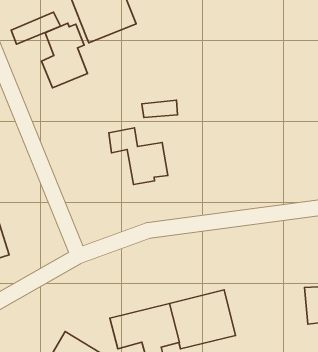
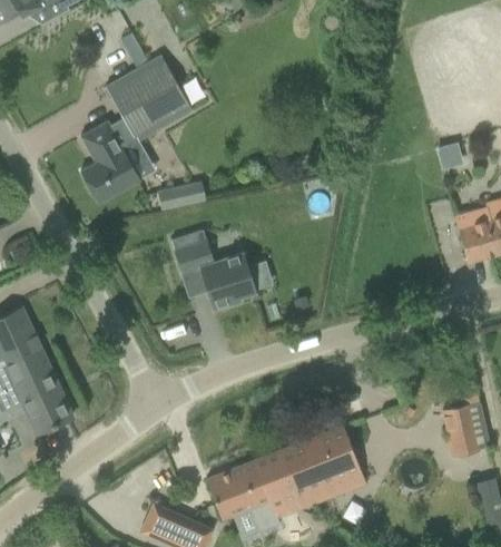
building: [11,12,61,44] -> none
building: [142,100,177,118] -> [159,182,205,208]

